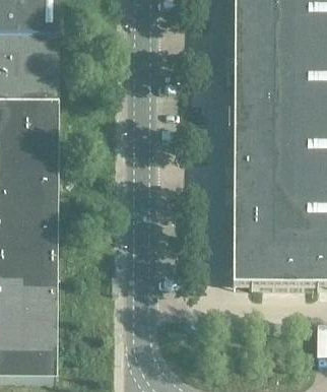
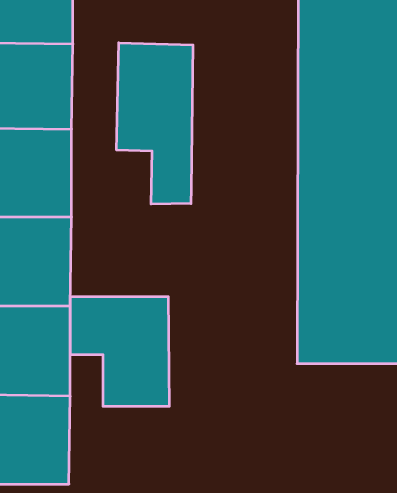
building: none -> [117,43,193,204]
building: none -> [70,297,169,406]

